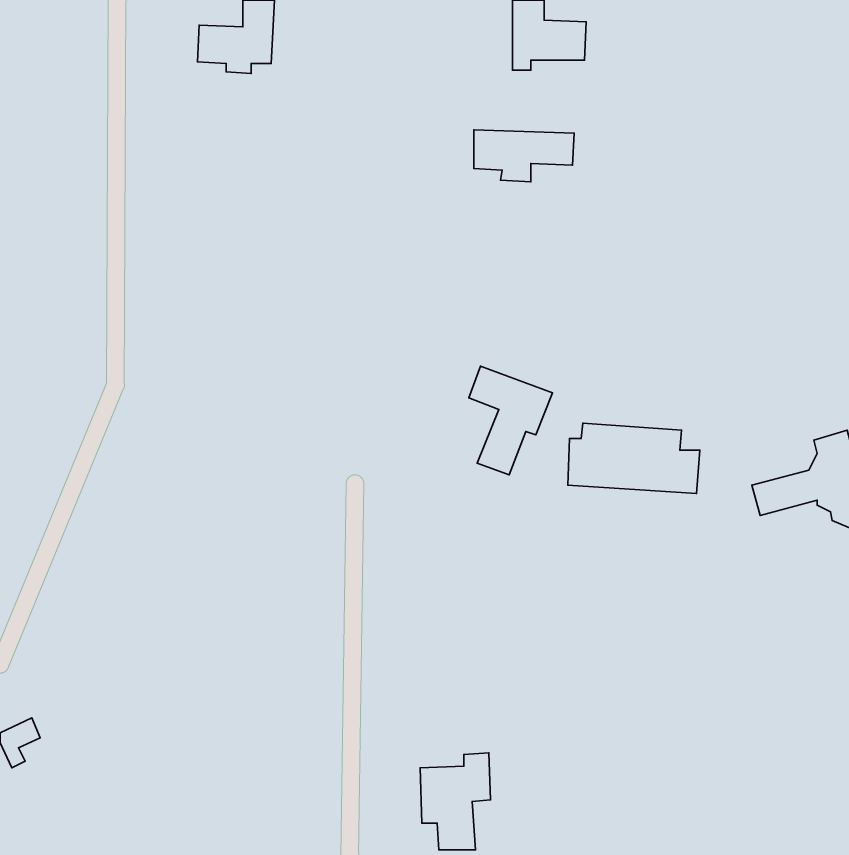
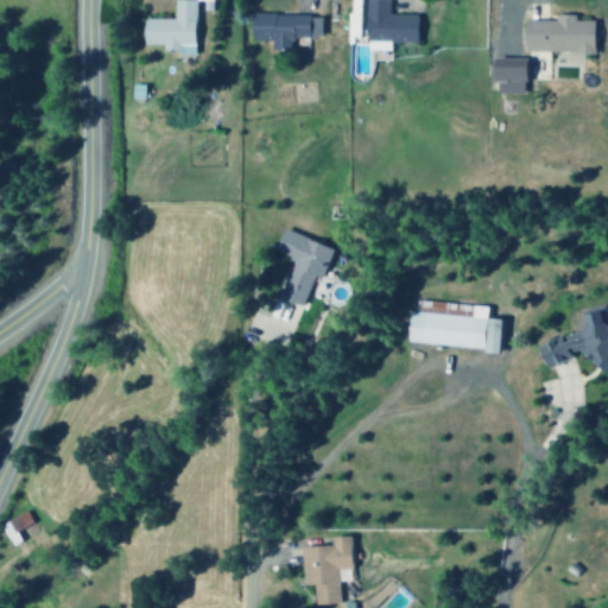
building: none -> [525,14,595,53]
building: none -> [493,57,527,81]
building: [474,130,574,182] -> [253,13,324,50]
building: [469,366,553,475] -> [276,229,335,306]

